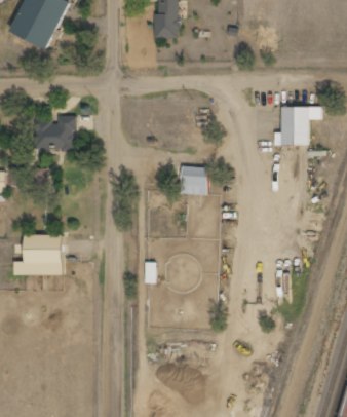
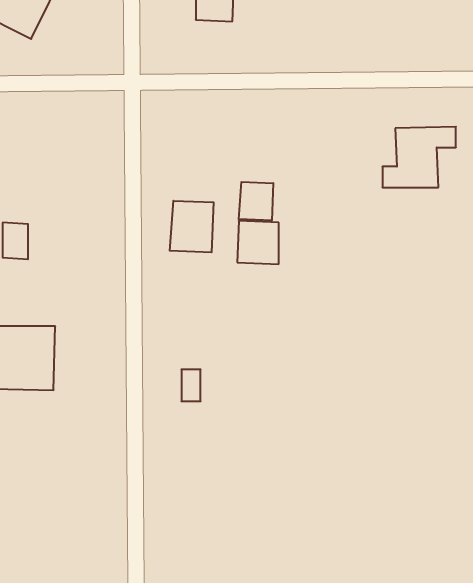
building: [34,115,74,149] -> none
building: none -> [239,182,273,221]
building: none -> [170,201,214,252]

